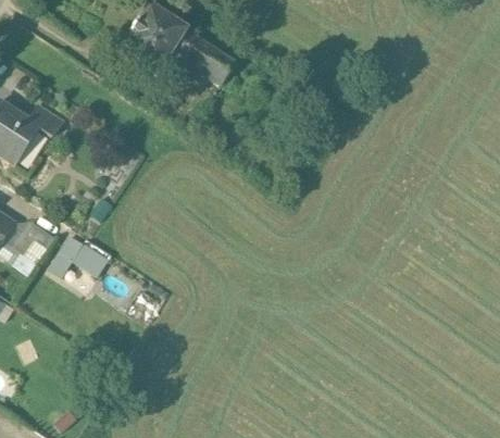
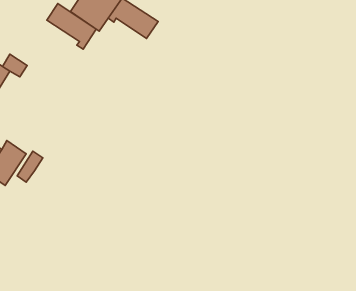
building: none -> [47,4,96,49]
building: [71,242,108,276] -> none

